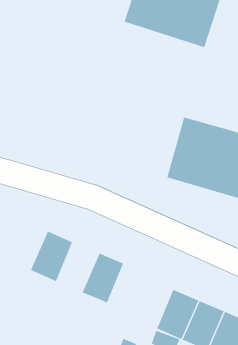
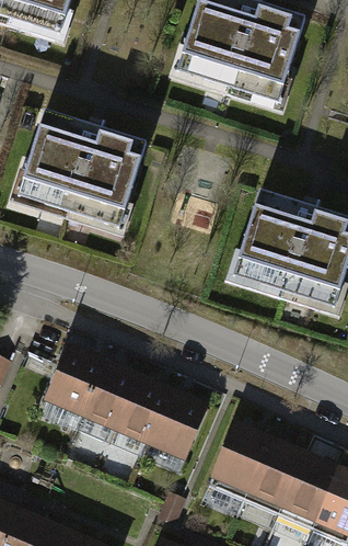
building: none -> [13,117,144,232]
building: none -> [81,361,138,428]
building: none -> [149,389,207,457]

